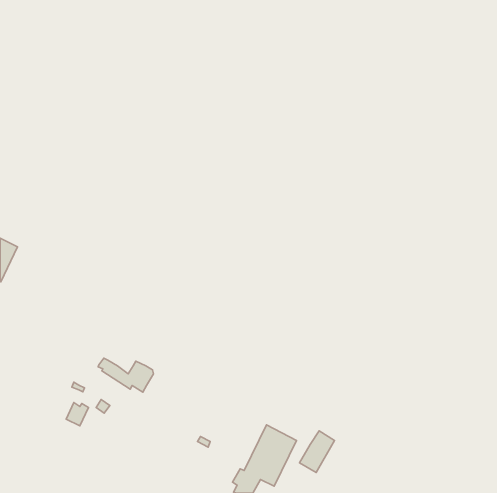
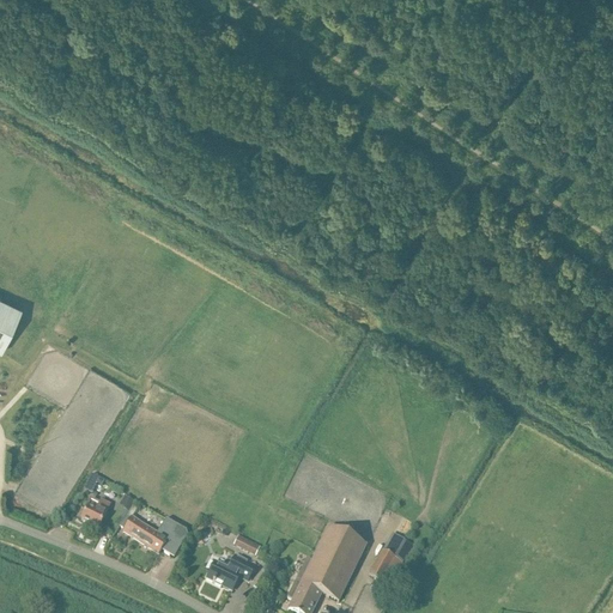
building: [98,358,153,392] -> [119,512,187,554]
building: none -> [206,551,255,587]

